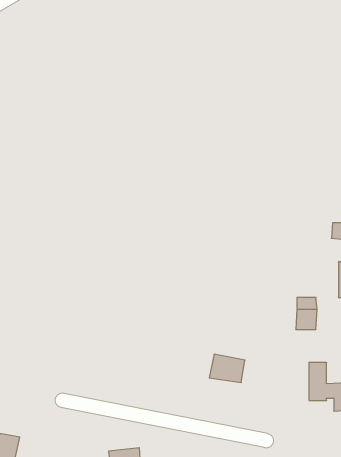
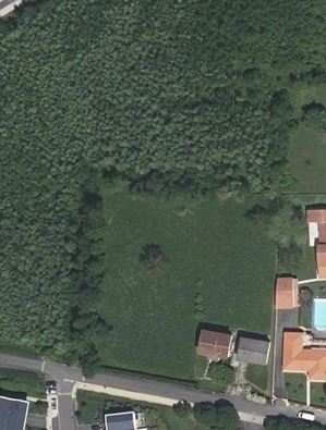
building: none -> [238,335,268,361]

